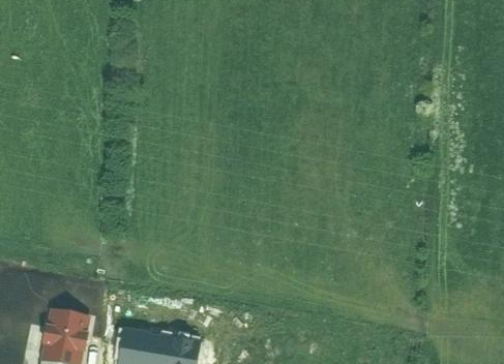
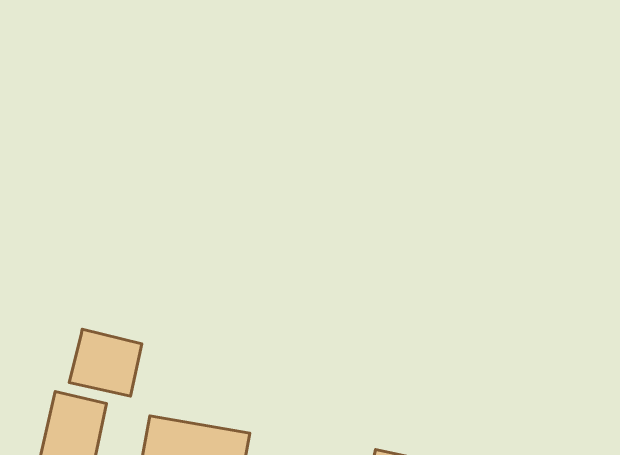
building: none -> [69,329,142,396]

